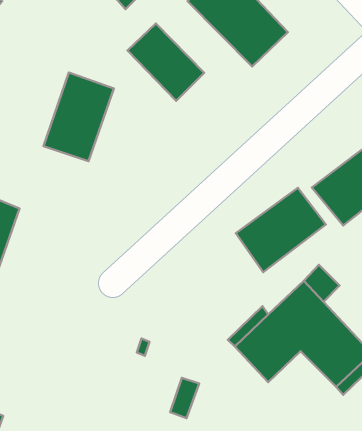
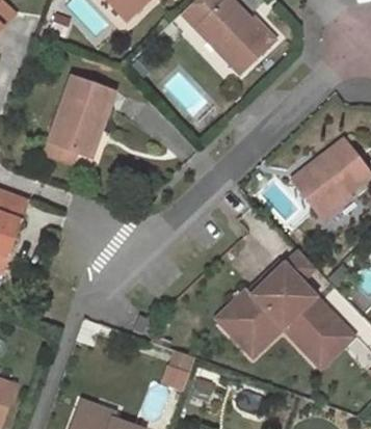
building: [127,23,204,101] -> none
building: [236,188,326,272] -> none

